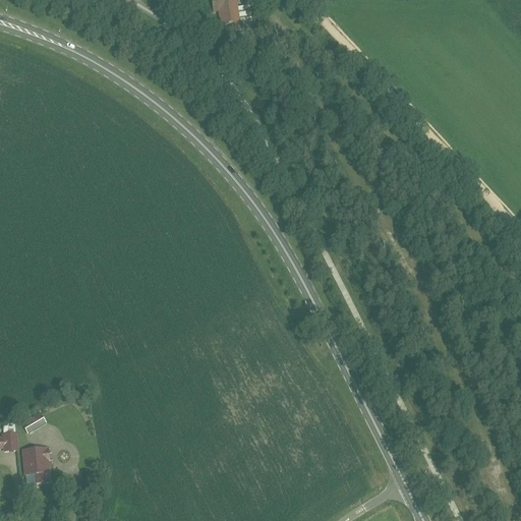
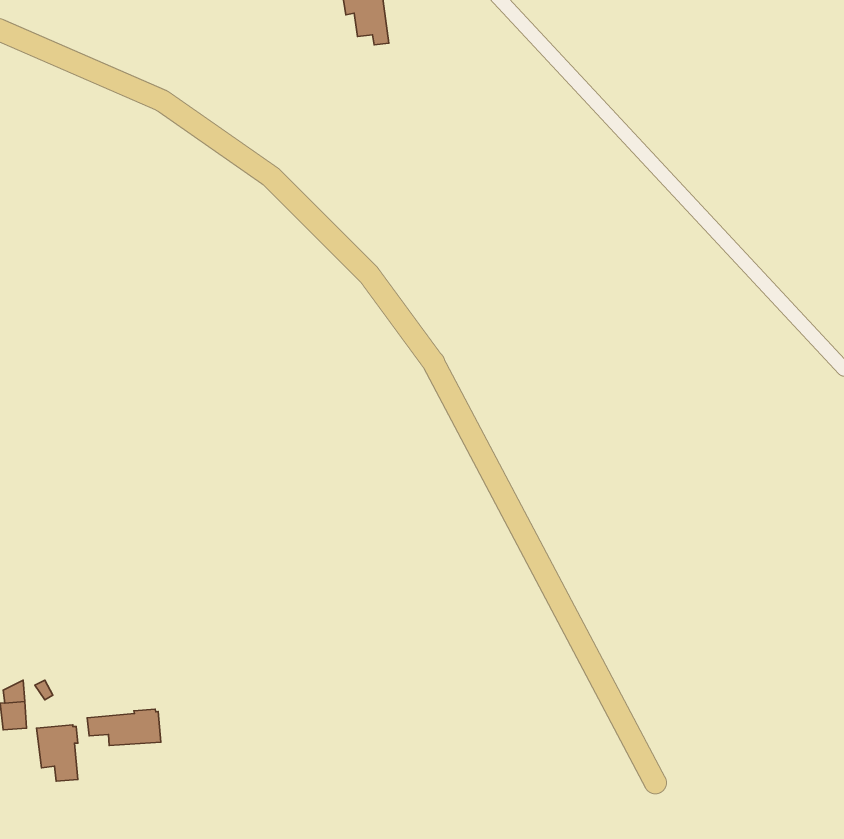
building: none -> [87,709,161,746]

